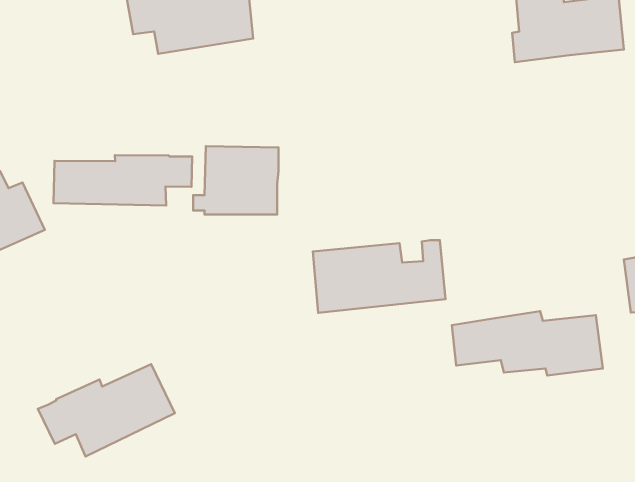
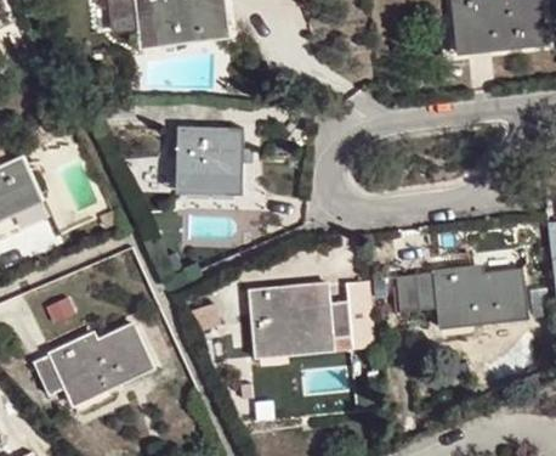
building: [53,155,192,205] -> none
building: [313,240,446,313] -> [250,283,365,347]

